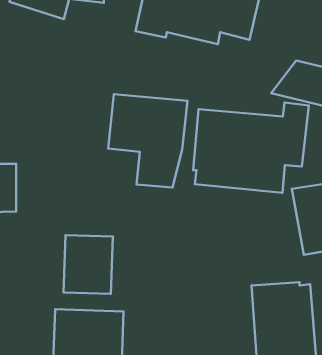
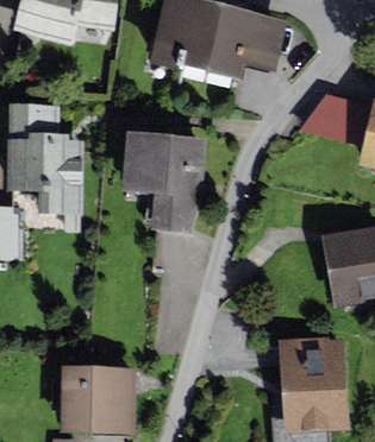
building: none -> [8,103,83,214]
building: [193,103,309,193] -> none
building: [64,235,113,294] -> none

